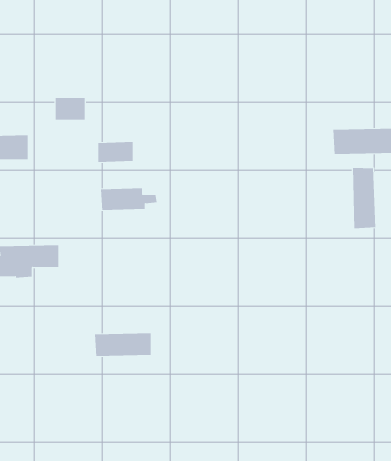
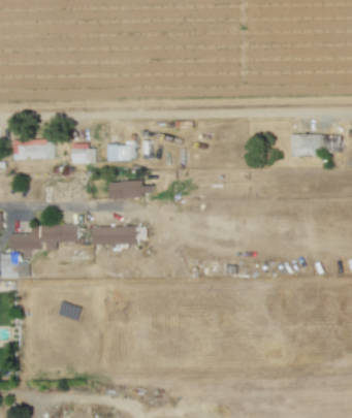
building: [55,98,85,120] -> [71,146,95,163]
building: [353,167,376,229] -> none
building: [94,333,151,357] -> [92,226,136,245]

